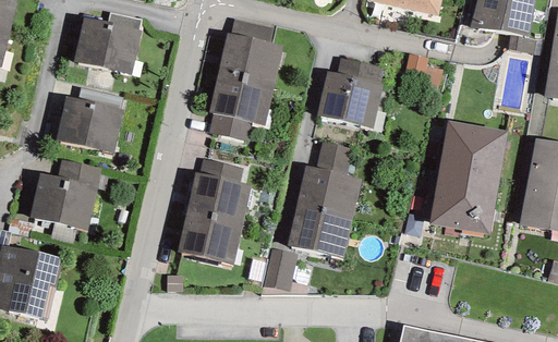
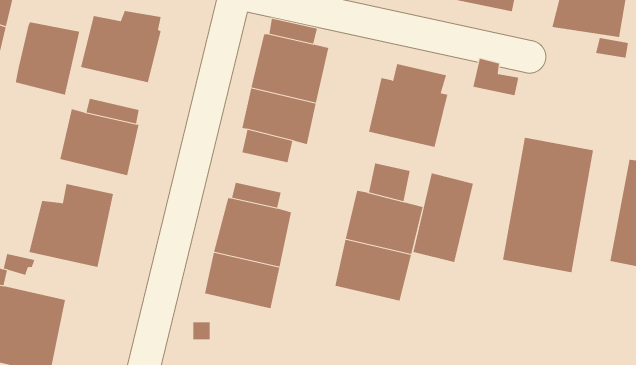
building: none -> [15,21,80,95]
building: none -> [413,173,474,263]
building: [264,247,298,292] -> none

